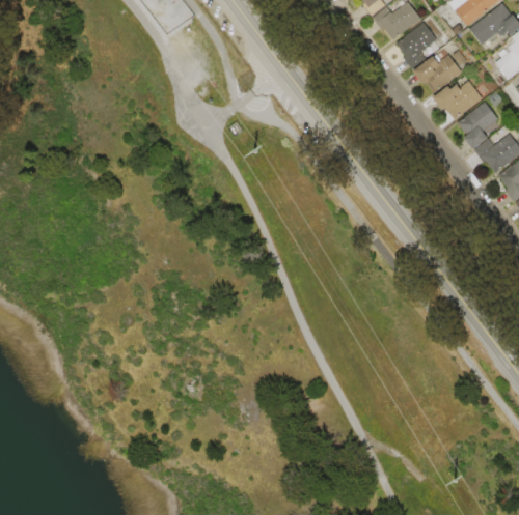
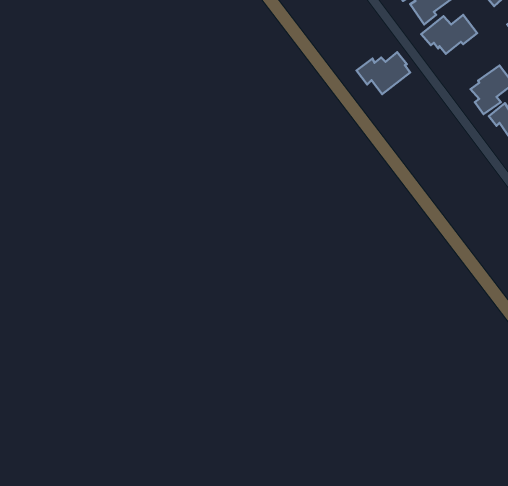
building: [431,80,483,120] -> [356,52,410,94]

